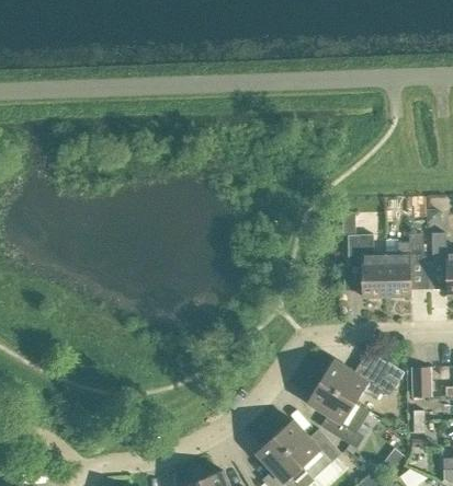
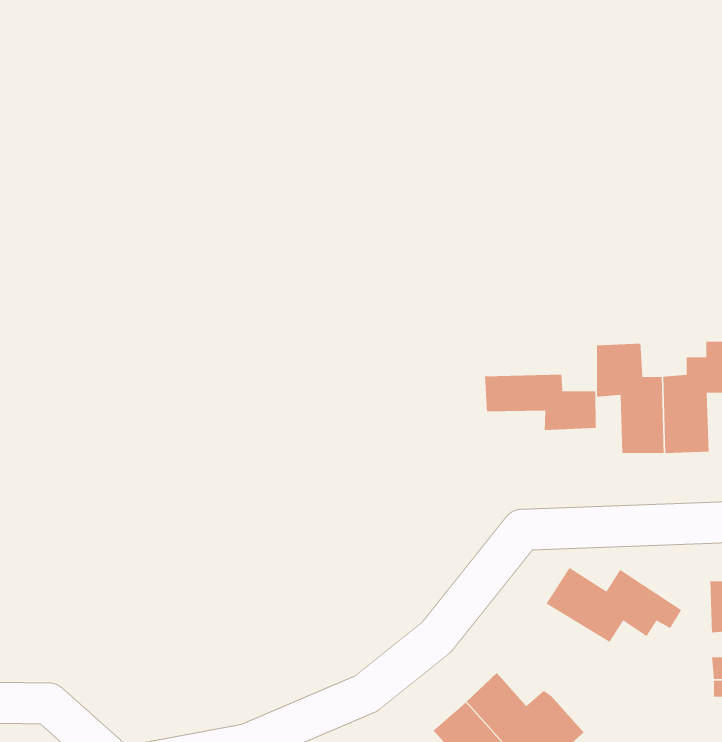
building: none -> [484,374,596,431]
building: [307,381,369,449] -> none

